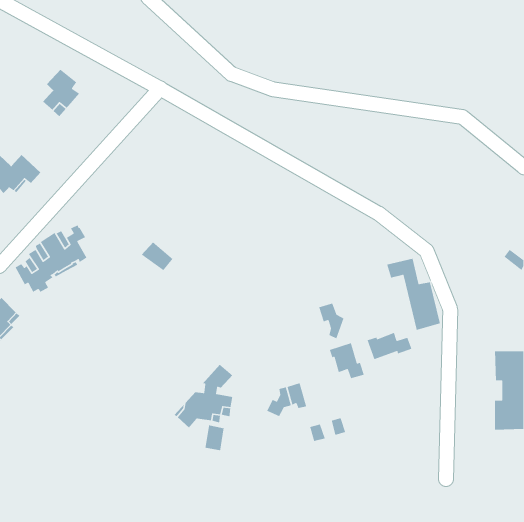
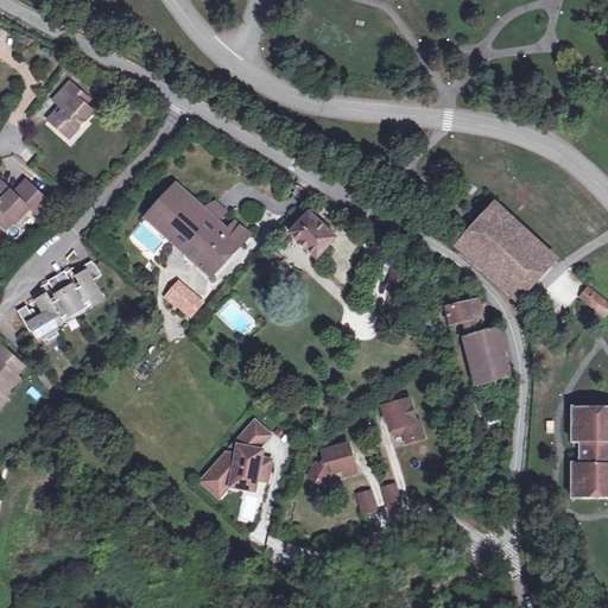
building: none -> [144,180,248,276]
building: none -> [456,203,553,298]
building: none -> [287,209,335,255]
building: [318,303,344,340] -> none
building: [367,332,413,360] -> none

